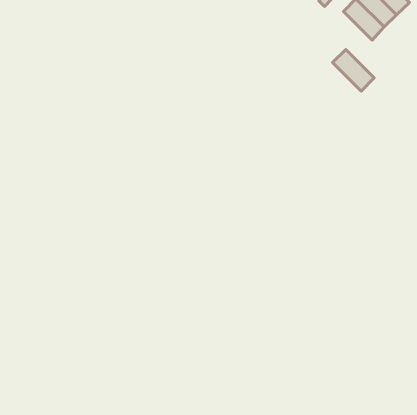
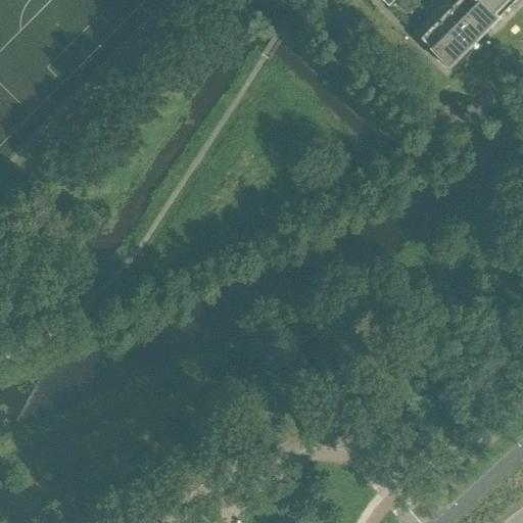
building: [333,49,374,91] -> [414,14,466,66]

